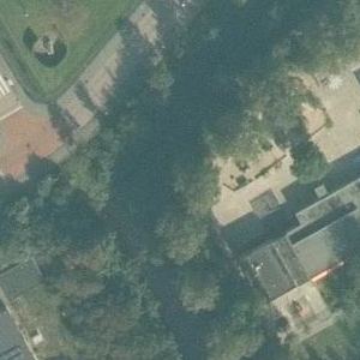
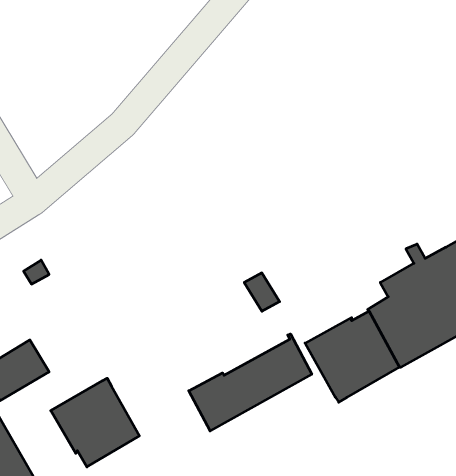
building: none -> [189,334,312,431]
building: none -> [51,378,139,467]

